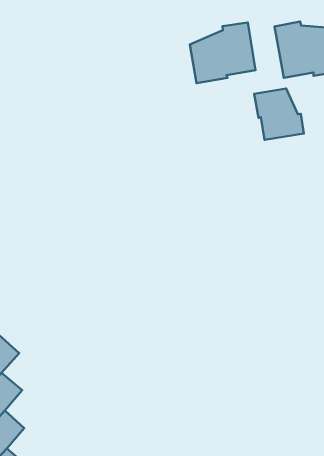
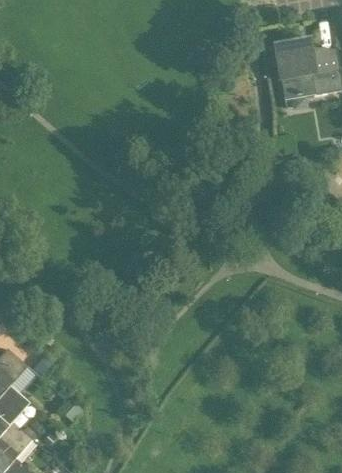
building: [190,23,255,83] -> none
building: [254,89,304,140] -> none

